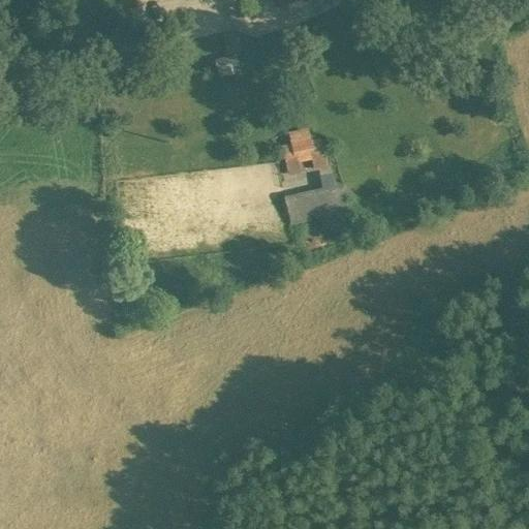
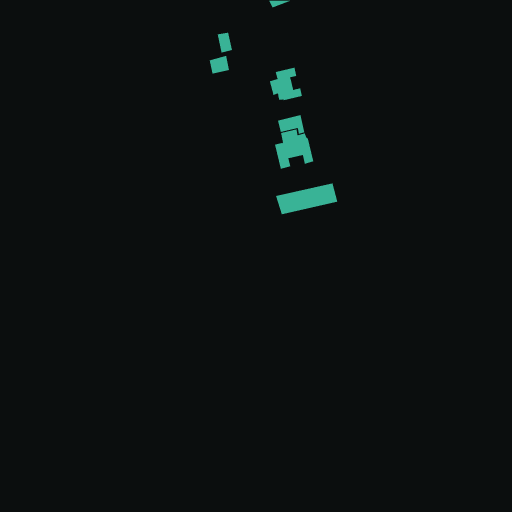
building: none -> [269,67,302,101]

